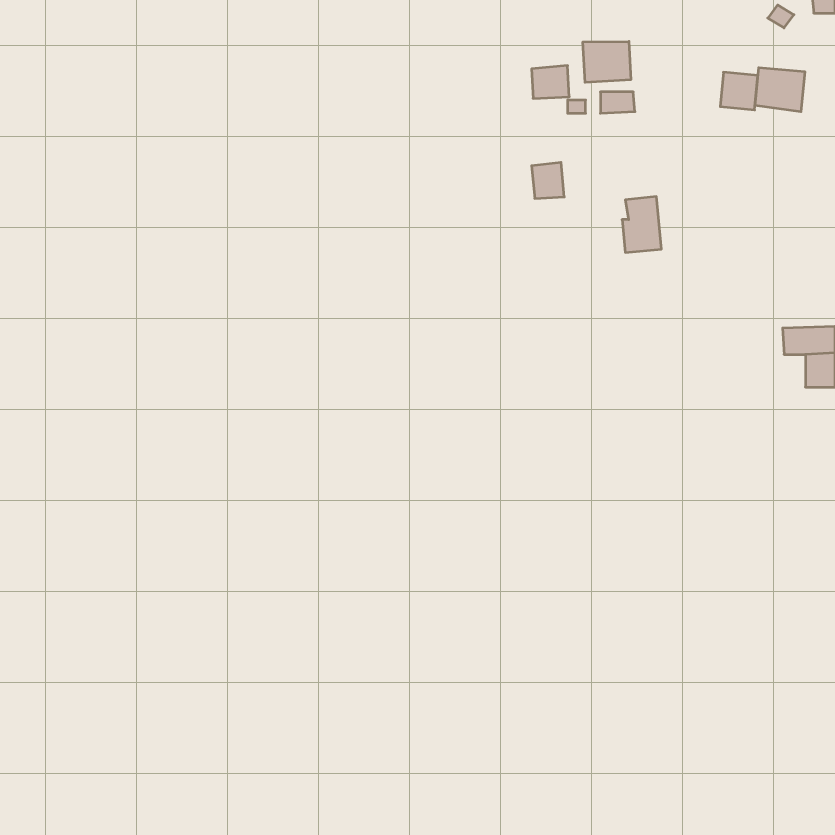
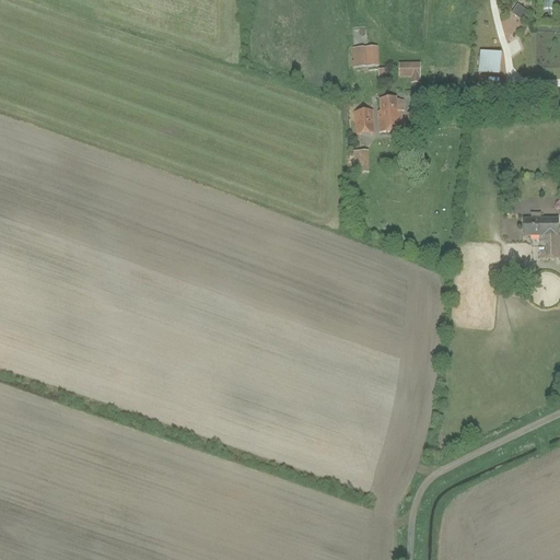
building: [583,41,631,82] -> none
building: [755,68,805,112] -> none
building: [622,197,661,252] -> [377,94,404,131]

